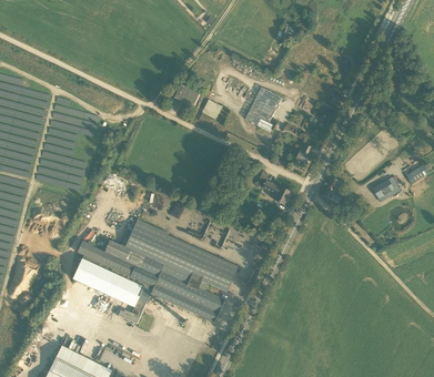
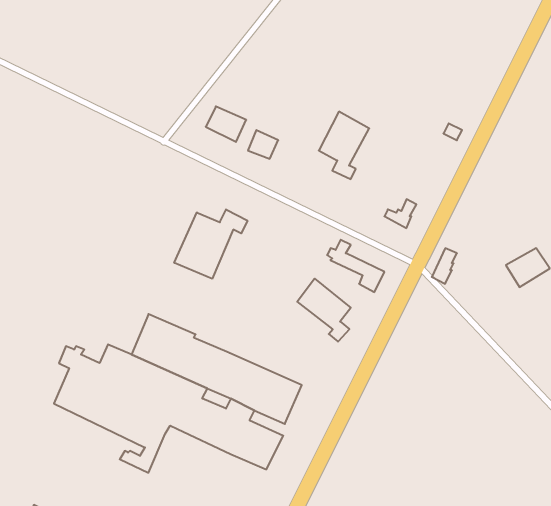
building: none -> [174,209,247,279]
building: none -> [297,279,351,342]

